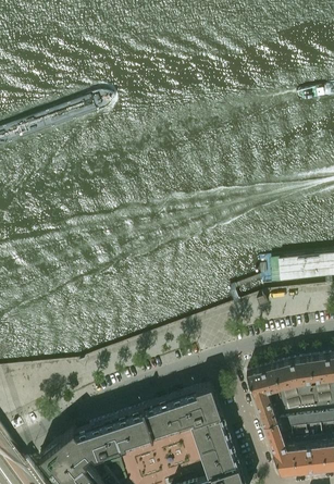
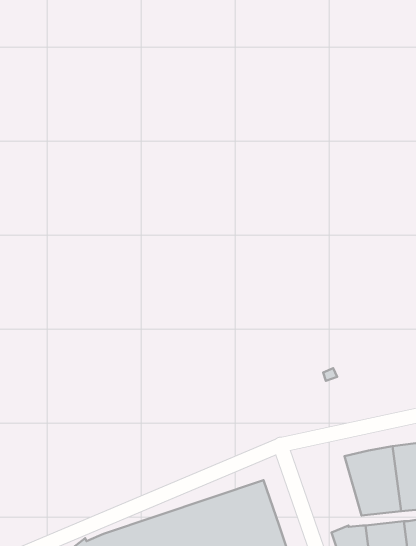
building: [246,368,286,426] -> none

